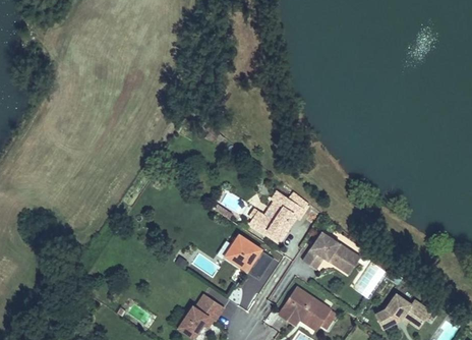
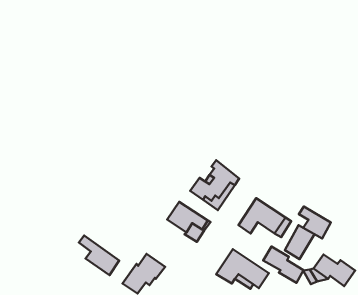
building: none -> [299,206,331,238]
building: none -> [79,236,119,275]
building: none -> [263,246,303,283]

